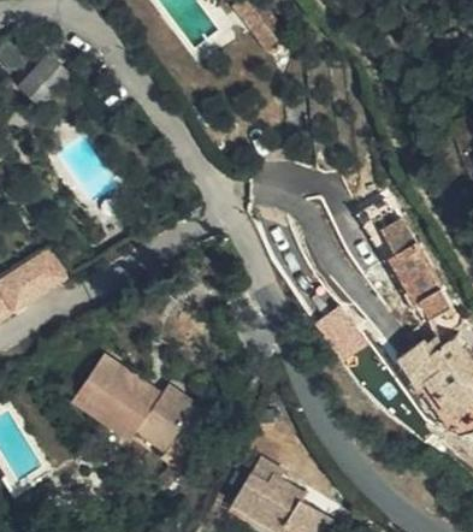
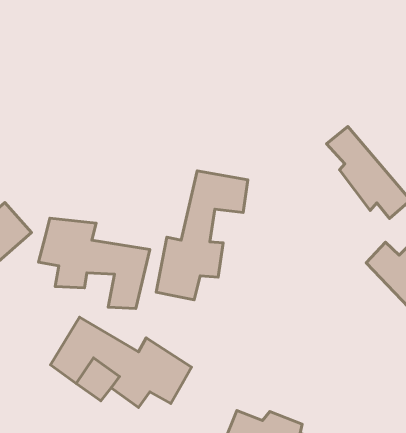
building: none -> [156,171,248,300]
building: none -> [38,218,150,308]

